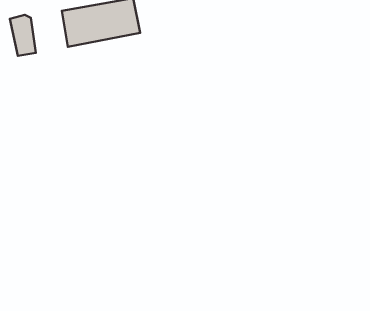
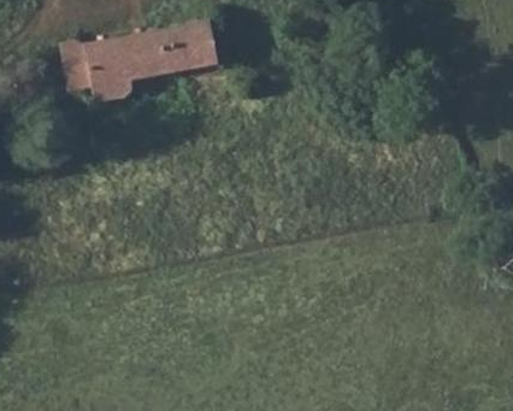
building: none -> [84,35,131,100]

